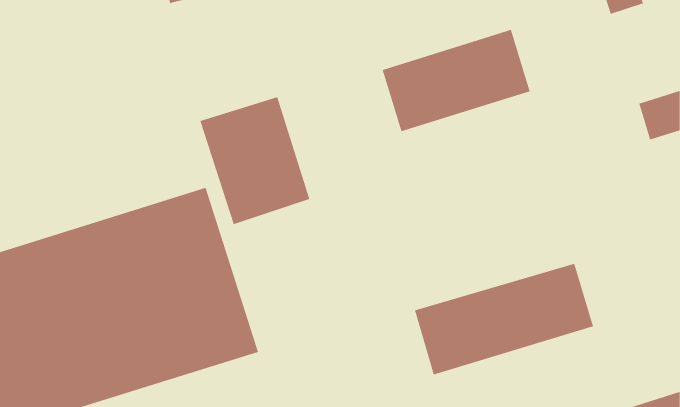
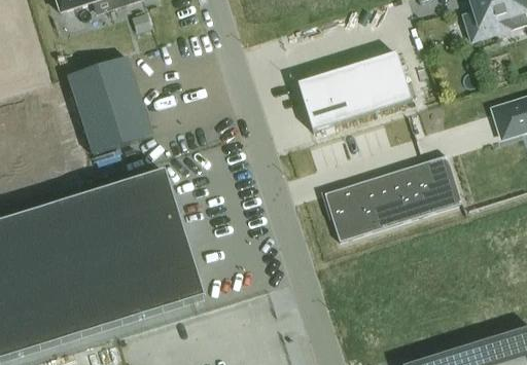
building: [199,97,310,225] -> [67,53,151,151]
building: [414,263,594,375] -> [324,155,461,241]

